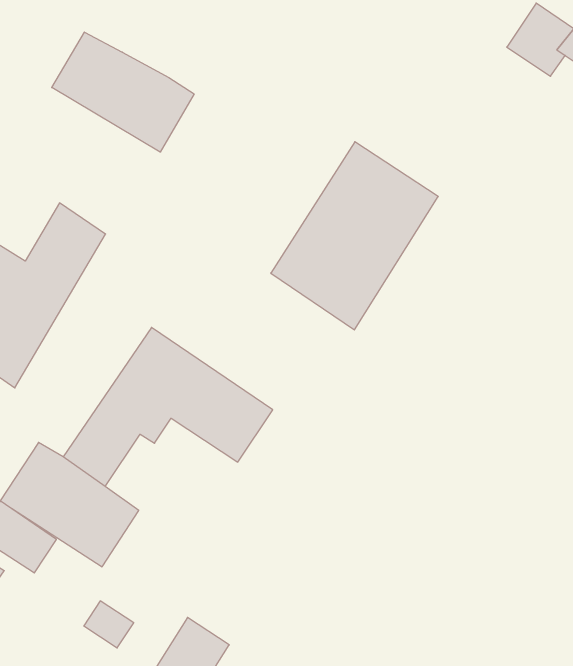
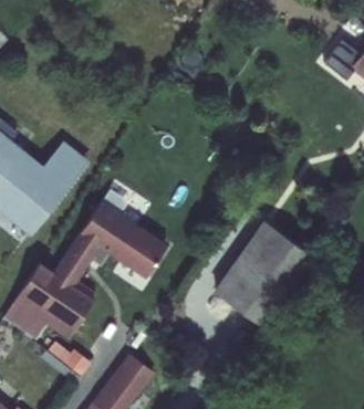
building: [52,32,194,152] -> none
building: [271,142,438,330] -> [212,223,308,327]

